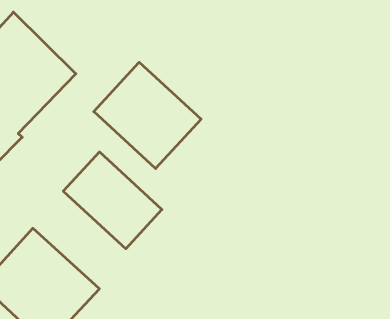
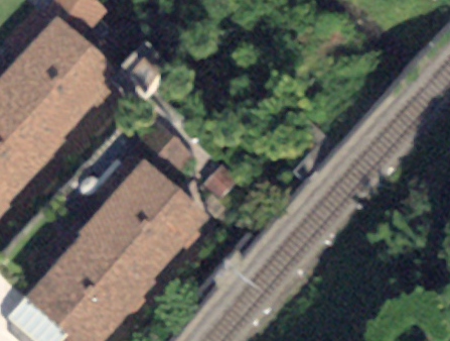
building: [94,62,201,169] -> none
building: none -> [74,199,170,300]

